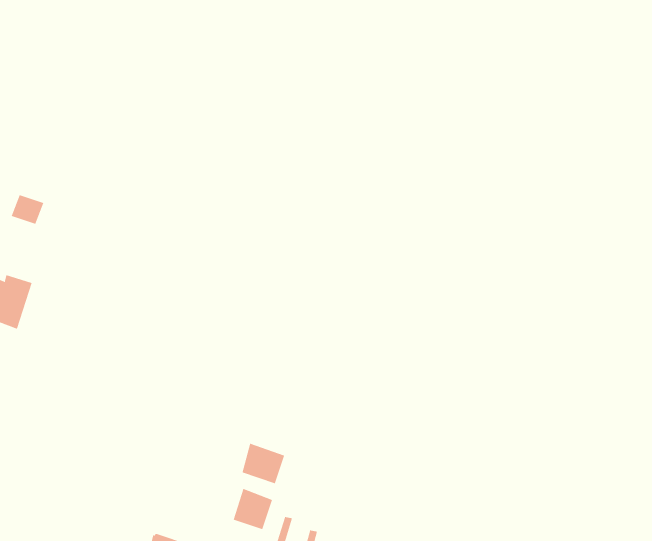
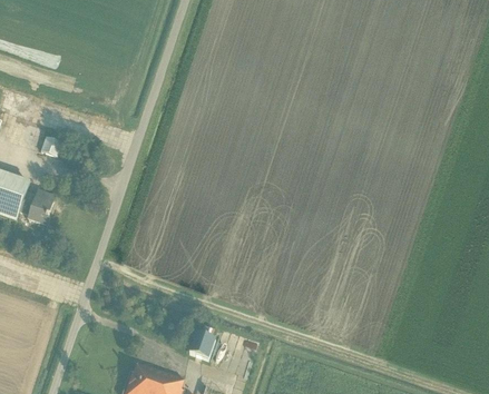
building: [242,443,285,484] -> none

